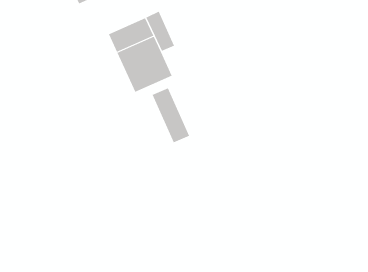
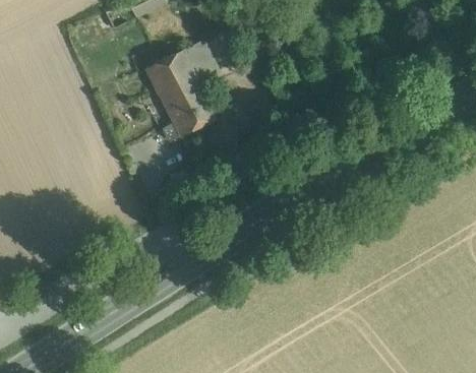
building: [152,88,190,143] -> none

